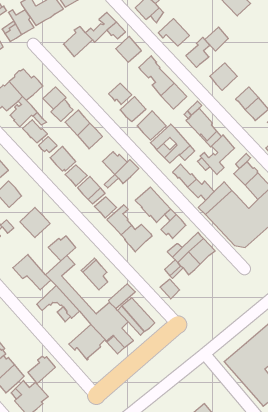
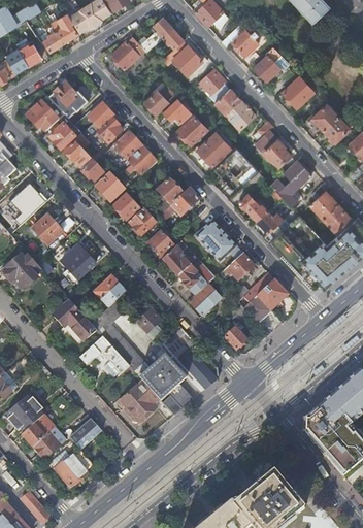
building: [205,27,228,51] -> none
building: none -> [144,85,175,112]
building: none -> [188,283,221,316]

